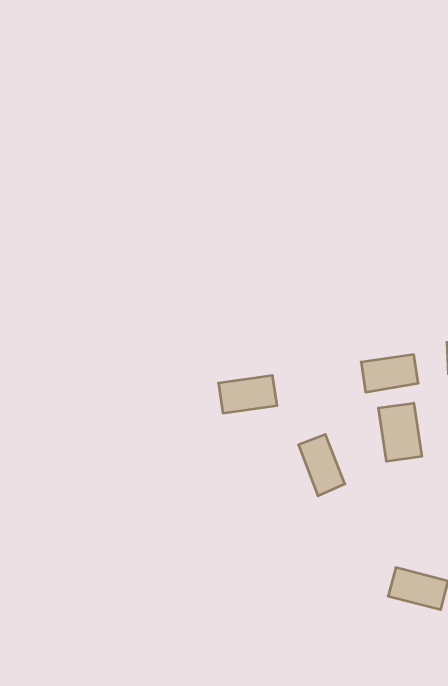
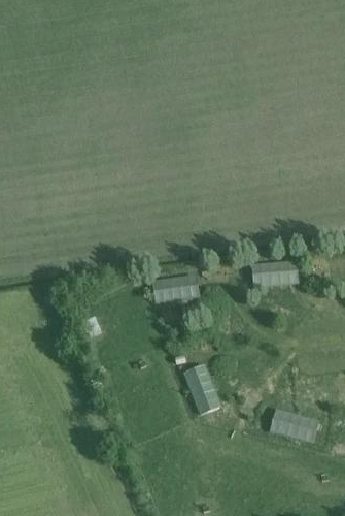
building: [378,403,422,461] -> none
building: [298,434,345,496] -> [187,367,219,410]

